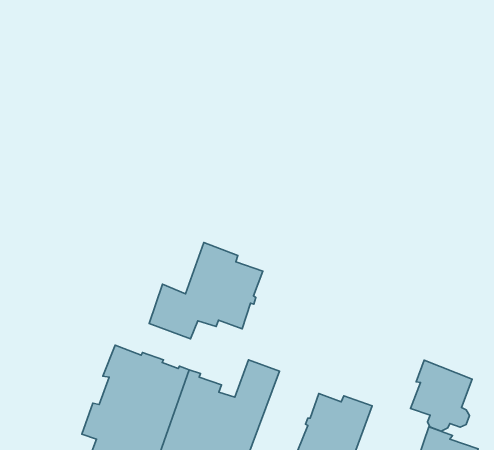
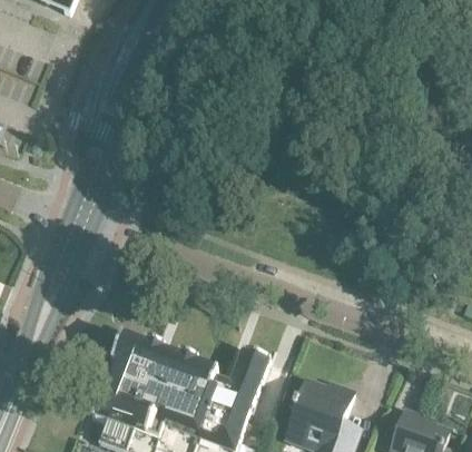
building: [149,243,263,339] -> none
building: [411,360,472,431] -> none

